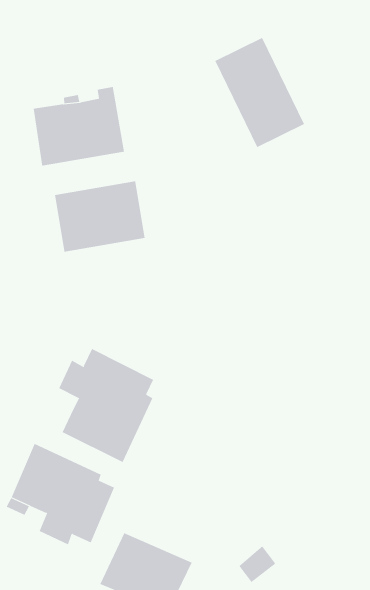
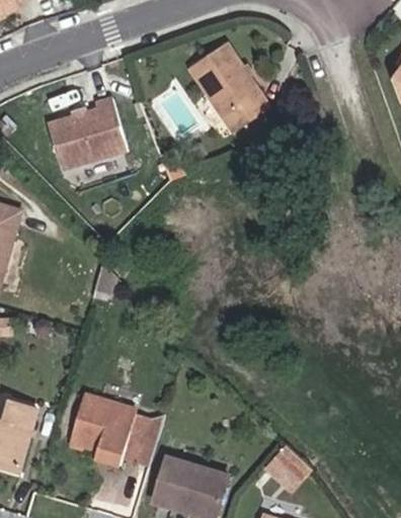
building: [54,181,145,252] -> none
building: [59,348,154,463] -> none

